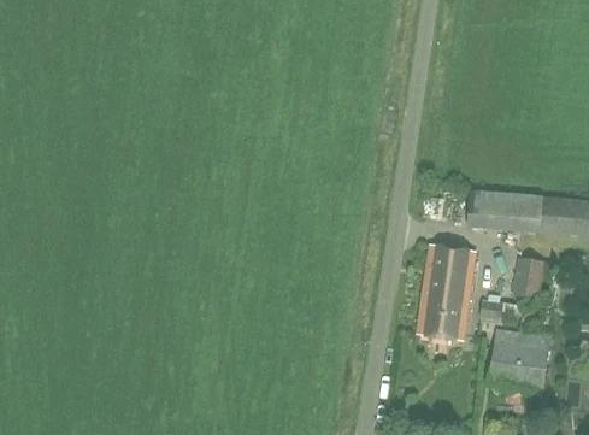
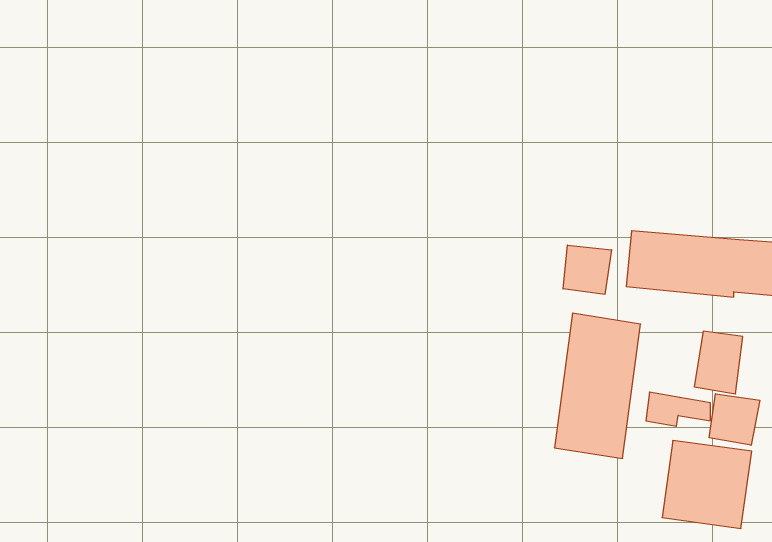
building: none -> [563,245,612,294]
building: none -> [709,394,760,445]

